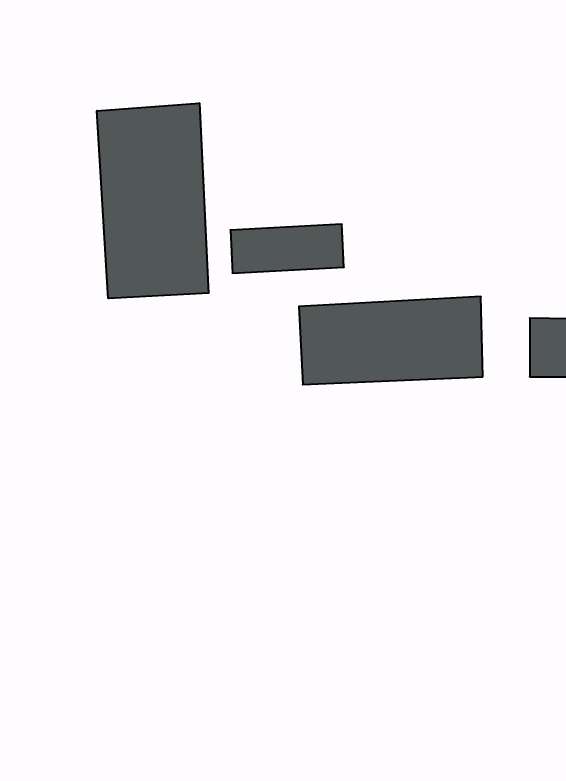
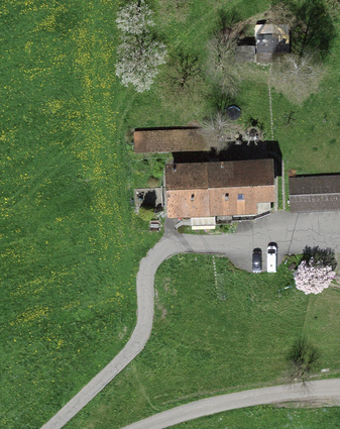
building: [97,103,209,298] -> none

